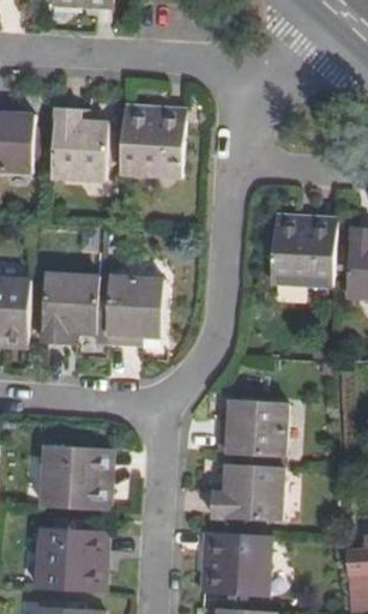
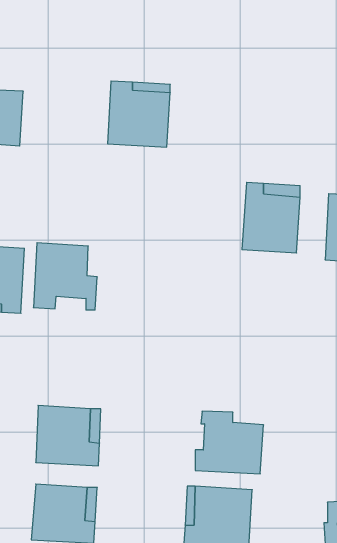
building: [54,109,109,180] -> none
building: [98,278,163,347] -> none
building: [219,402,288,466] -> none

